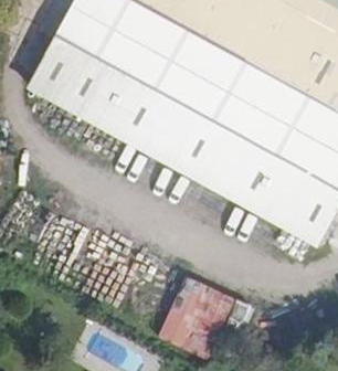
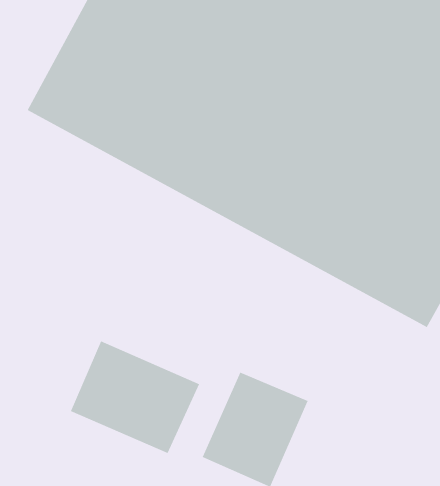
building: none -> [70,341,200,454]

